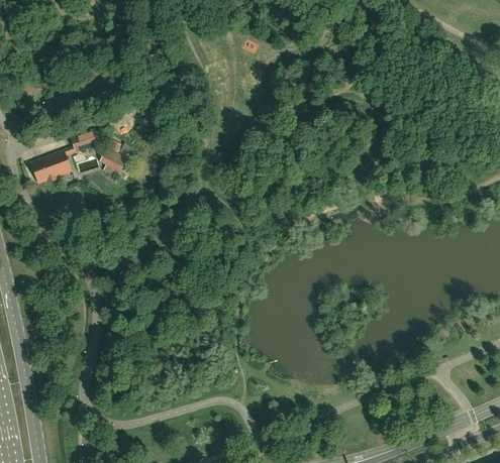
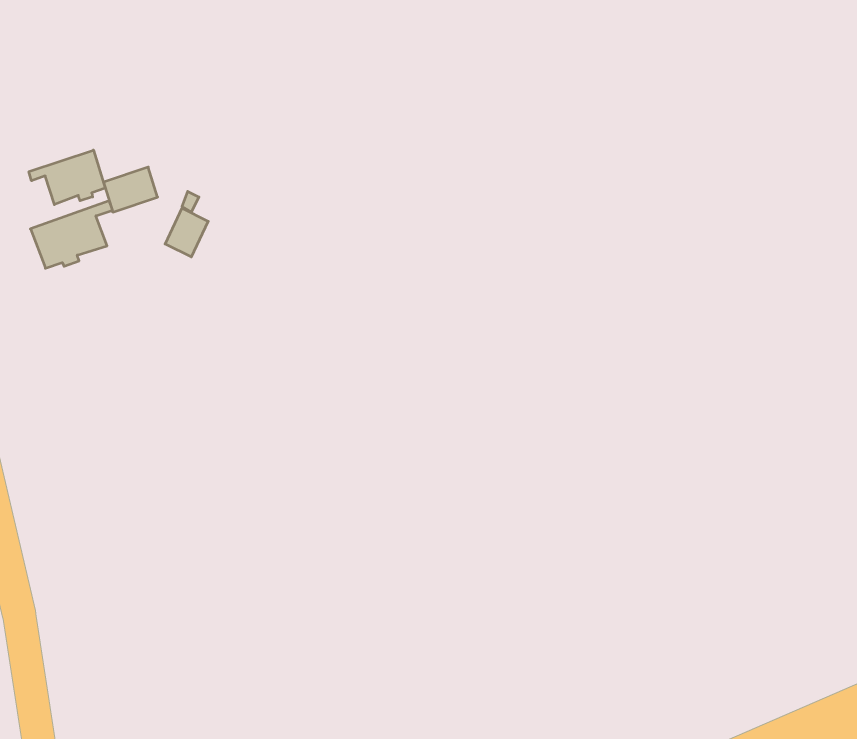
building: none -> [29,150,105,205]

